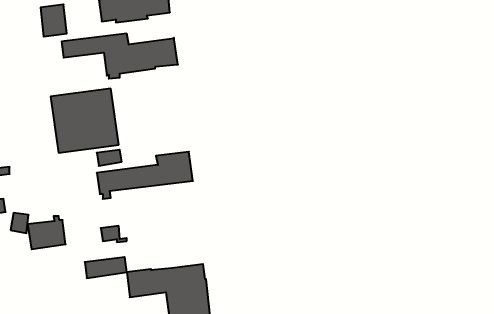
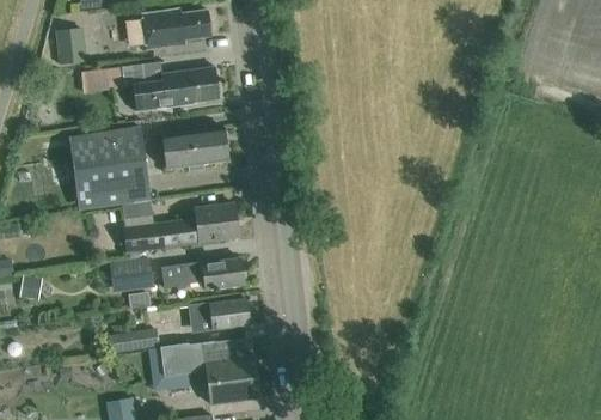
building: none -> [162,127,227,170]
building: none -> [161,257,244,290]
building: [28,216,66,249] -> [109,252,154,292]
building: none -> [188,298,249,331]

